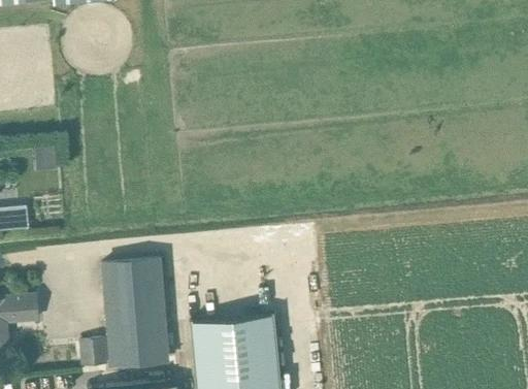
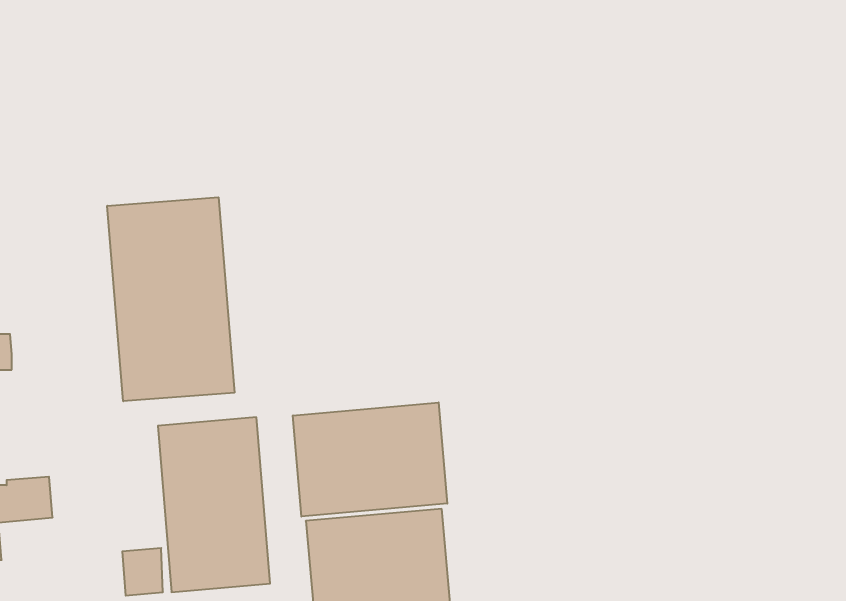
building: none -> [107,197,234,401]
building: none -> [293,402,447,517]

